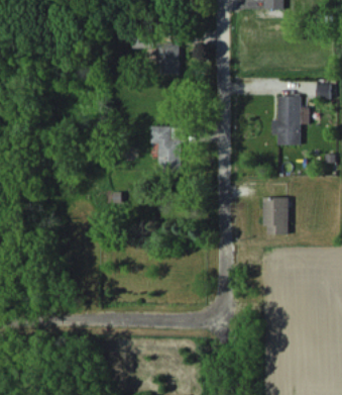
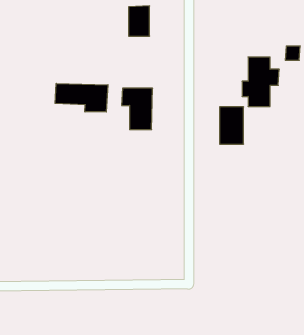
building: none -> [55,83,108,112]
building: [263,197,288,234] -> [220,107,244,144]

